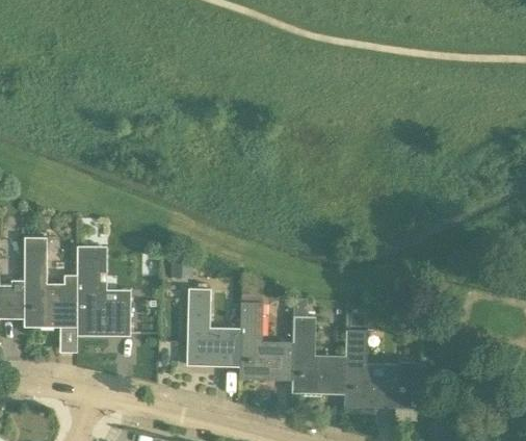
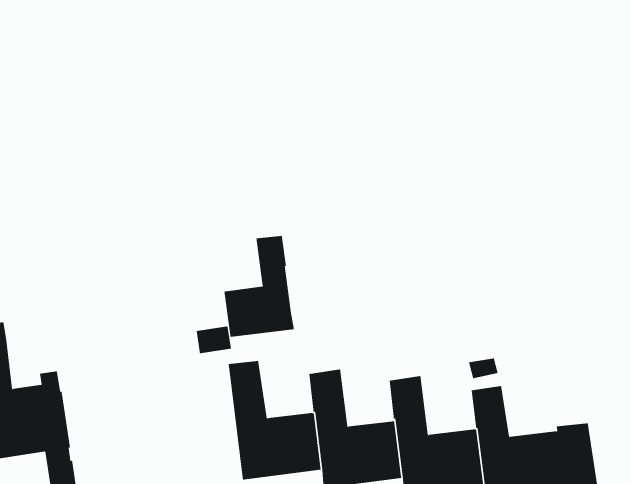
building: none -> [224,235,295,338]
building: [76,222,130,336] -> none

